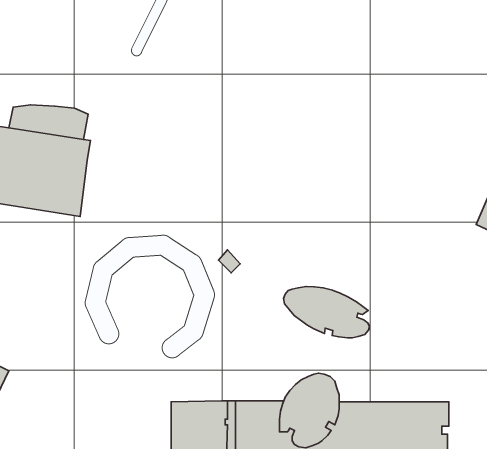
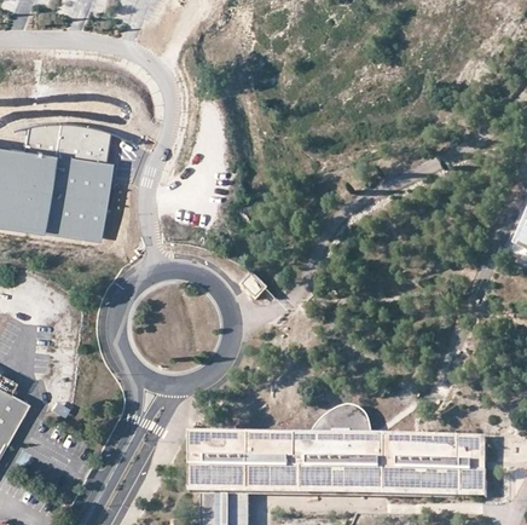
building: [284,287,370,338] -> none

